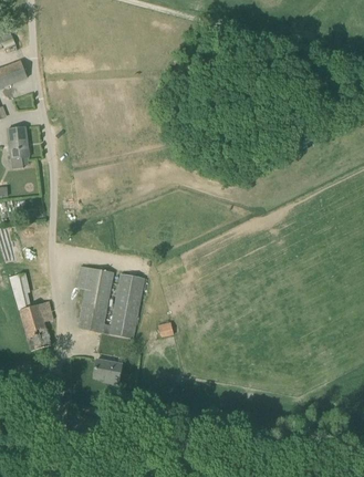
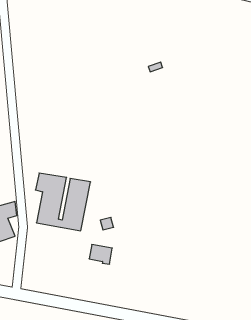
building: [93,357,122,382] -> [89,245,112,264]

